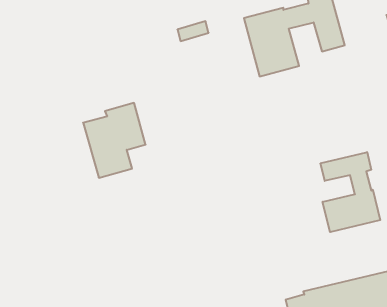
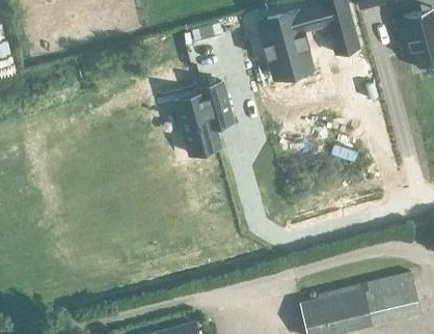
building: [83,103,146,178] -> [172,80,235,155]
building: [321,152,380,232] -> none

